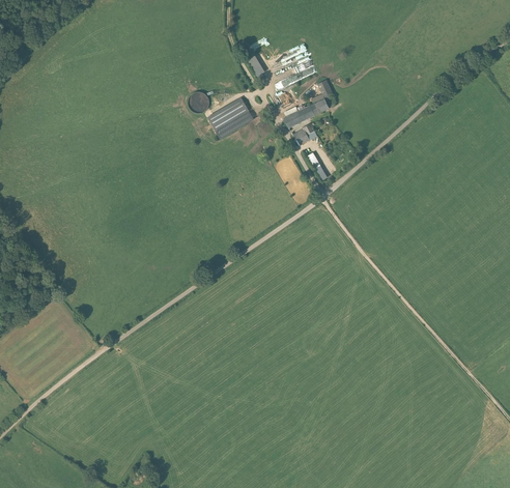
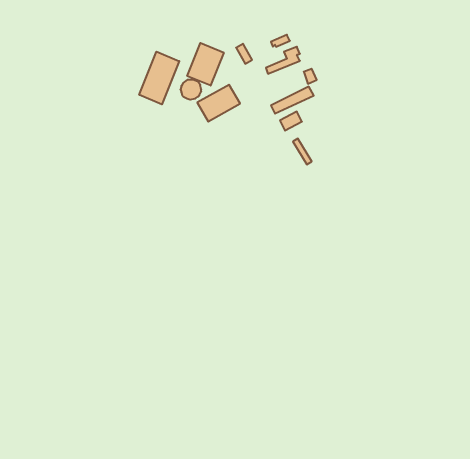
building: none -> [187,43,224,86]
building: none -> [139,52,179,104]

